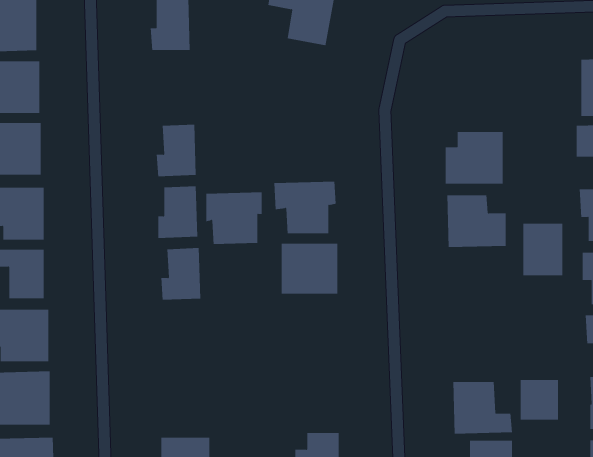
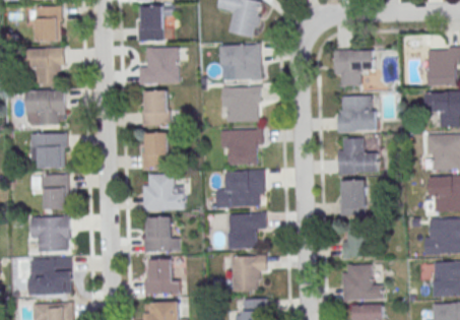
building: none -> [219,44,261,80]
building: none -> [139,47,180,84]
building: none -> [335,50,375,85]
building: [205,192,263,245] -> [222,87,261,123]
building: [522,223,563,276] -> [339,180,367,215]
building: none -> [227,212,264,248]
building: none -> [144,217,172,253]
building: none -> [232,255,266,292]
building: none -> [145,260,174,296]
building: [520,379,559,420] -> [342,230,369,257]

